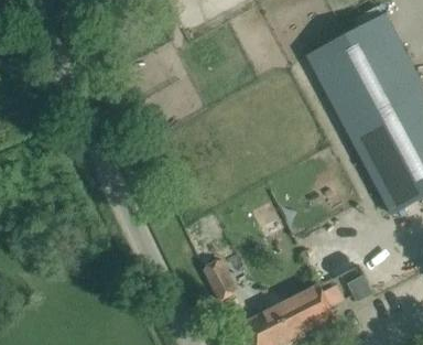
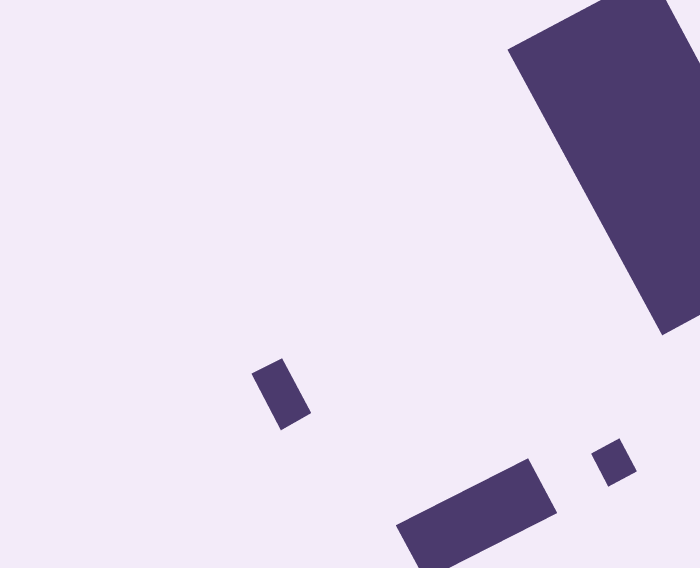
building: [203,259,237,300] -> [251,358,312,431]

